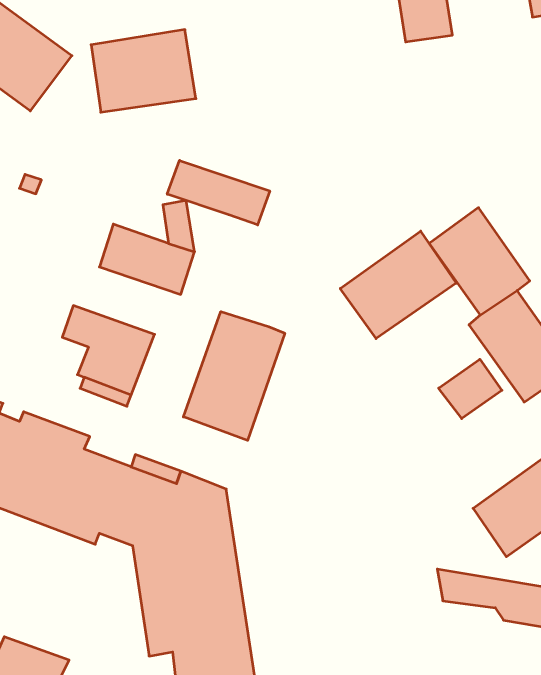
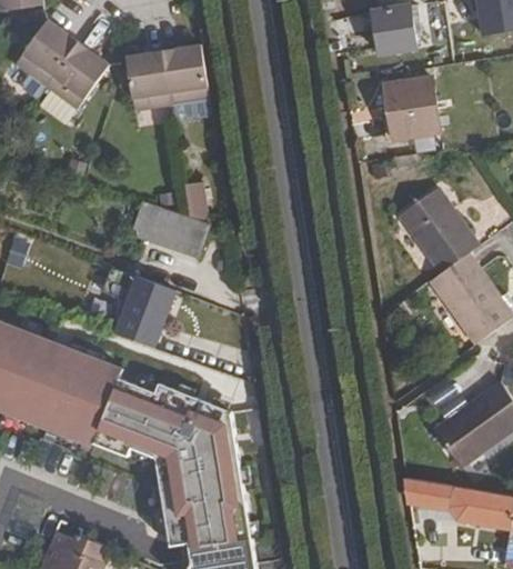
building: none -> [382,77,439,140]
building: [167,160,270,225] -> none
building: [340,231,456,339] -> none
building: [183,312,285,440] -> none
building: [439,359,502,419] -> none

